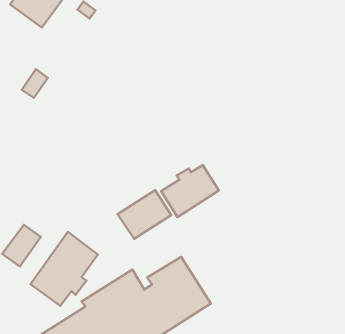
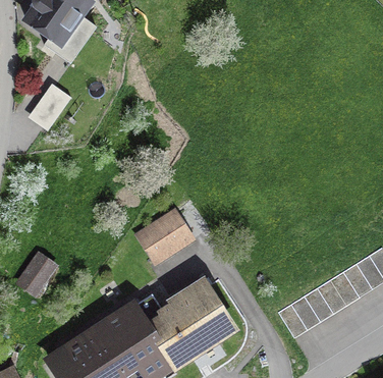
building: [161,165,219,217] -> none
building: [30,232,98,306] -> none

